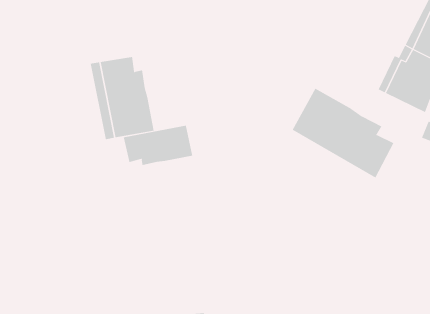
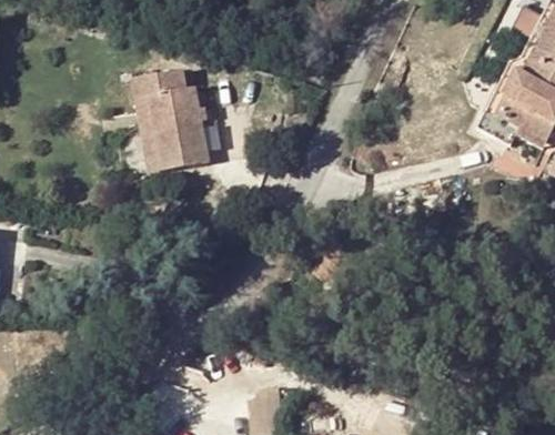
building: [292,88,394,179] -> none
building: [123,125,193,166] -> none

